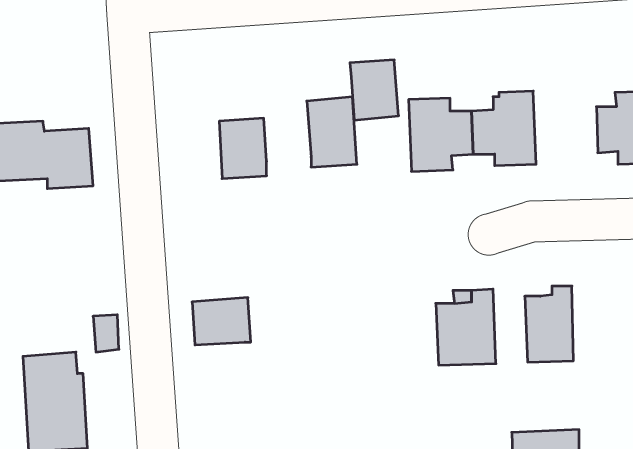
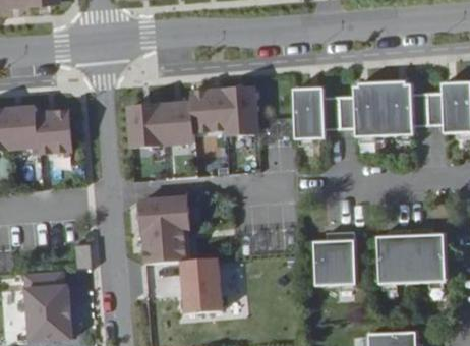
building: [350,60,399,120] -> [190,93,225,135]
building: none -> [383,84,428,138]
building: none -> [127,107,162,150]
building: none -> [138,199,188,235]
building: none -> [410,223,446,277]
building: none -> [178,261,218,316]

